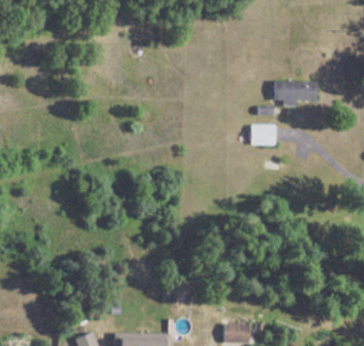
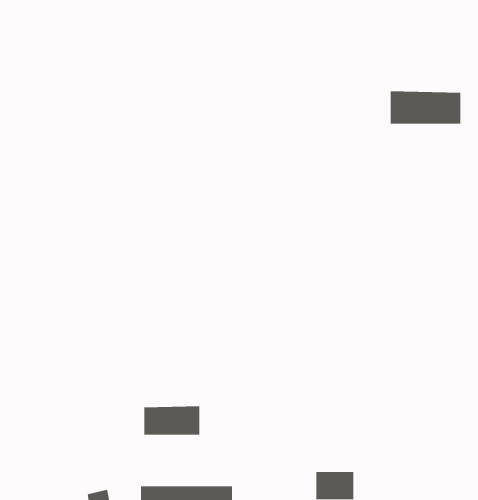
building: [248,125,275,144] -> none
building: none -> [144,406,200,436]

